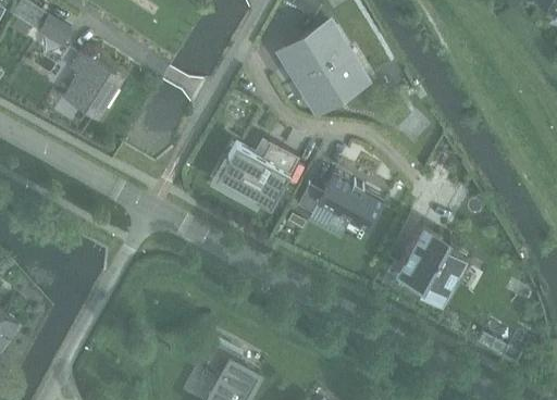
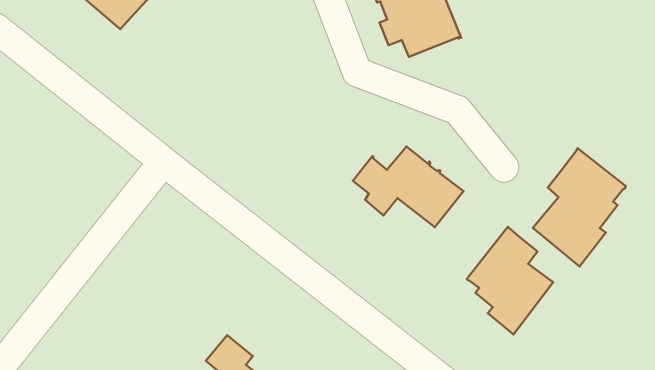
building: [218,141,299,208] -> none
building: none -> [533,148,626,267]

